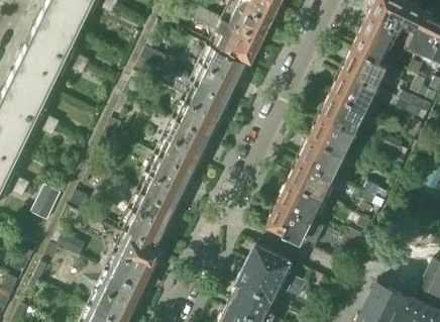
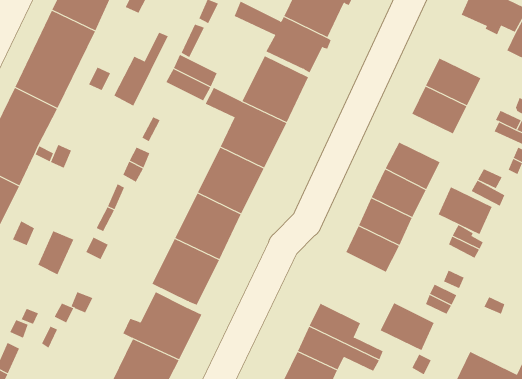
building: [353,14,400,61] -> none
building: none -> [114,32,169,106]
building: [321,93,364,131] -> [438,186,492,235]
building: [267,203,311,241] -> [380,302,434,351]

